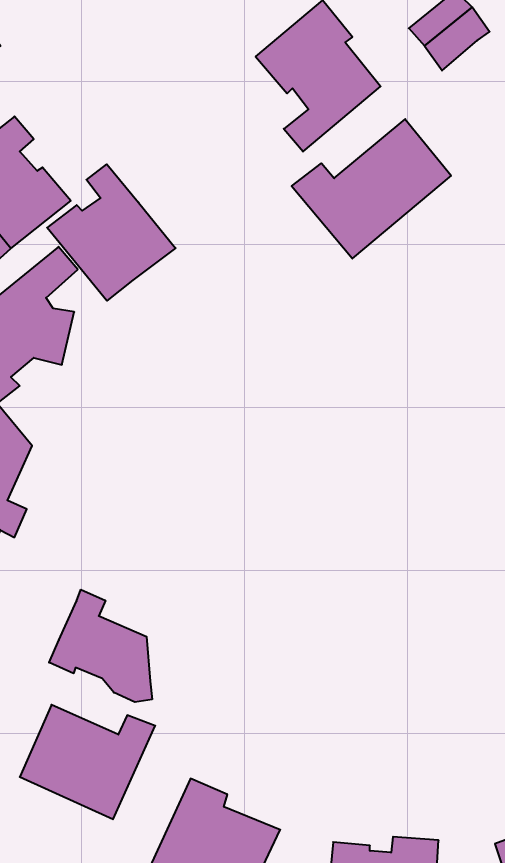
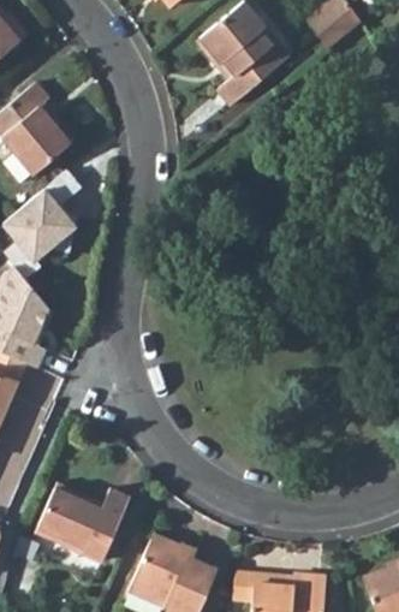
building: [292,119,451,259] -> none
building: [47,164,176,301] -> none
building: [49,590,152,702] -> none

